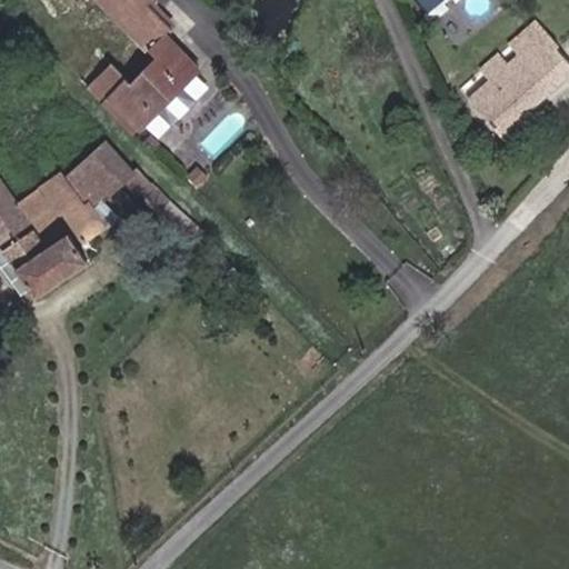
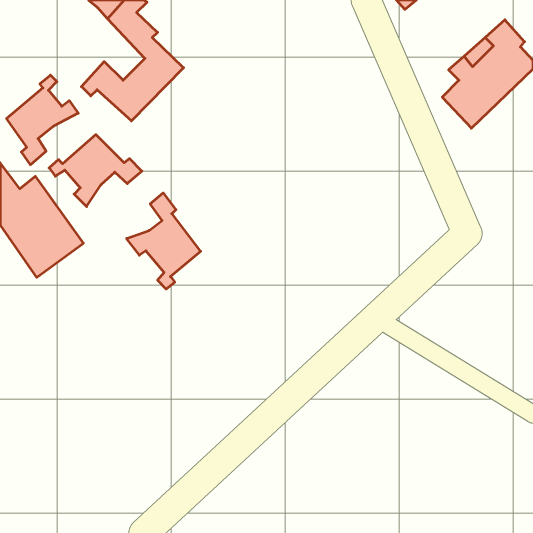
building: none -> [7,75,78,165]
building: none -> [127,193,201,289]

